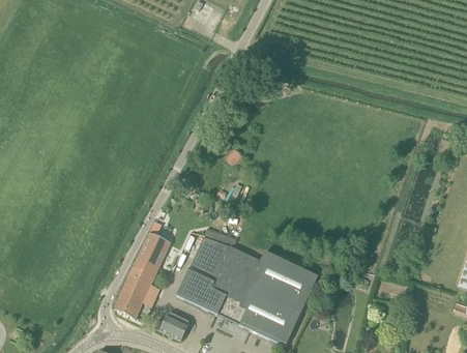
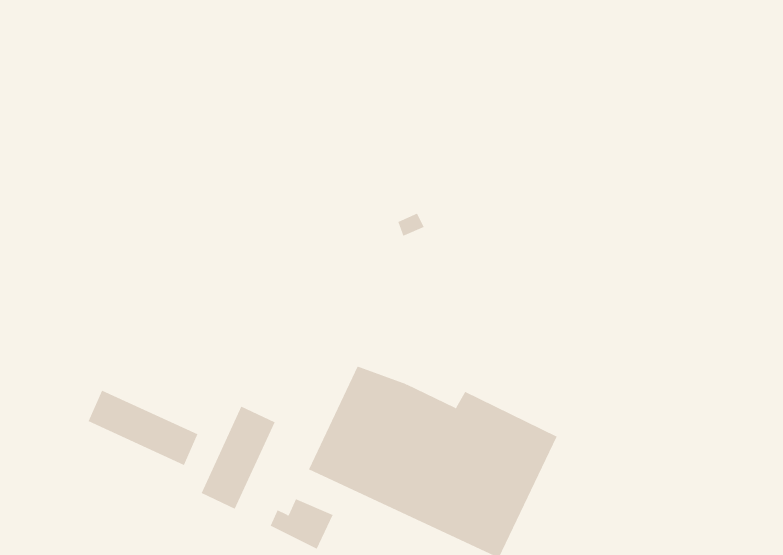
building: [138,233,170,268] -> none
building: none -> [88,390,198,466]

